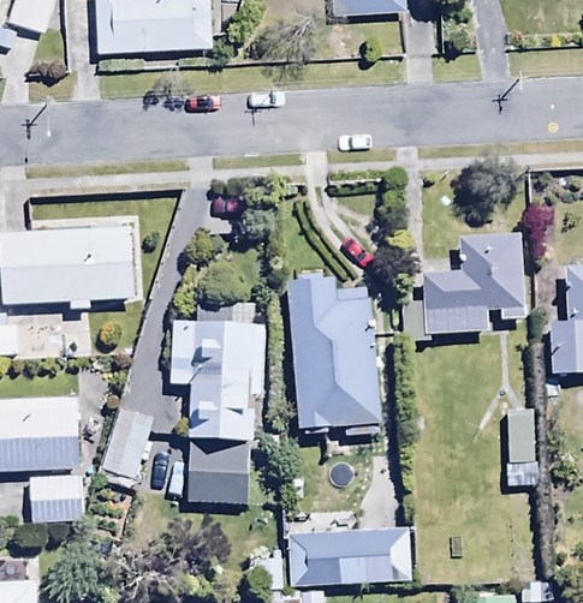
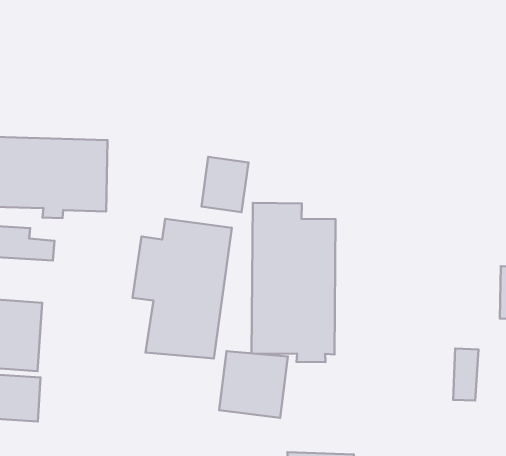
building: [400,232,527,342] -> none
building: none -> [201,157,249,212]
building: [185,440,251,503] -> [219,351,288,418]

